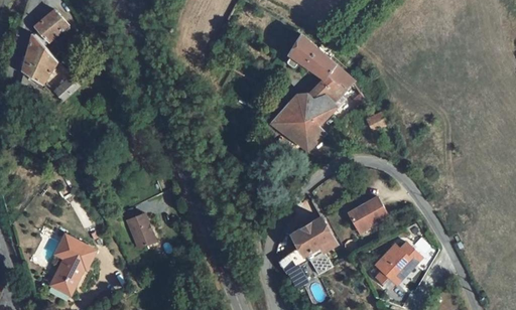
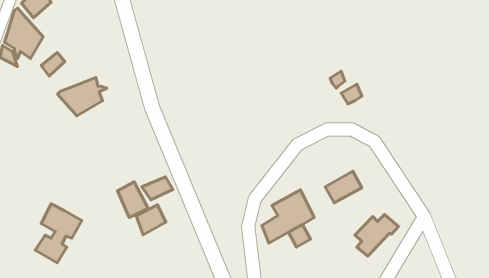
building: [272,37,355,152] -> none
building: none -> [58,78,107,116]
building: none -> [142,177,173,200]
building: none -> [136,205,166,235]

